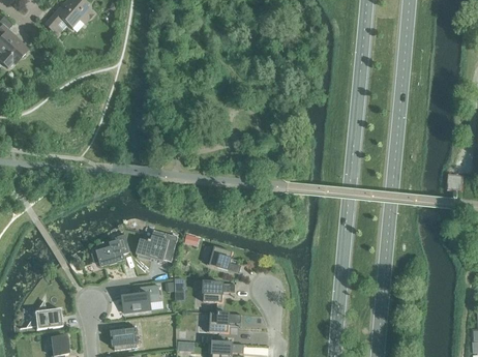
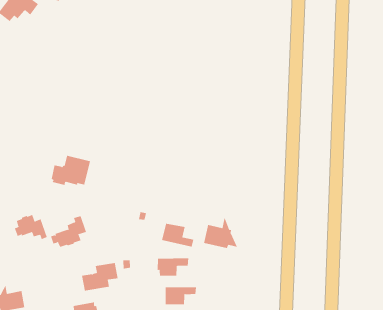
building: none -> [14,214,47,240]
building: [136,230,178,262] -> [51,155,91,186]
building: none -> [204,216,243,249]

